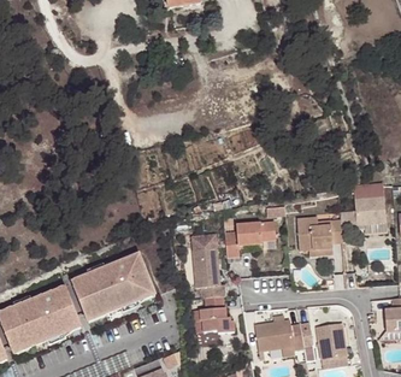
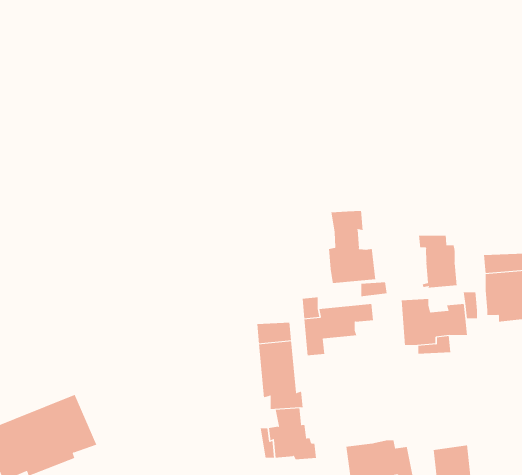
building: none -> [329,210,376,284]
building: none -> [419,235,457,288]
building: [71,254,152,317] -> none

